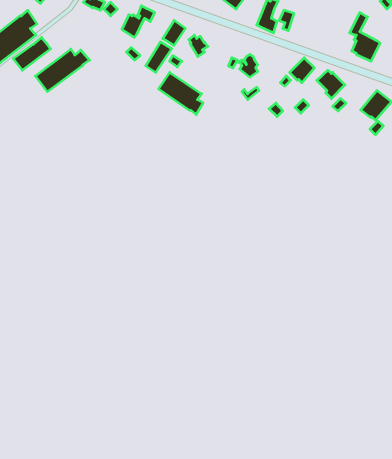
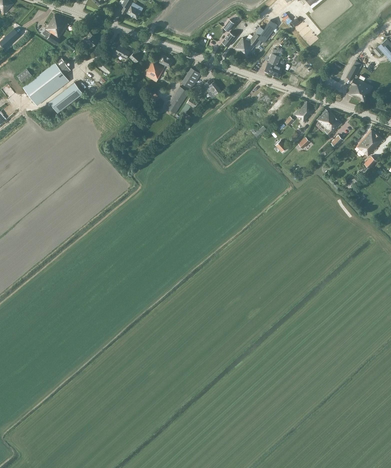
building: [35,49,90,92] -> none
building: [159,72,203,115] -> none

